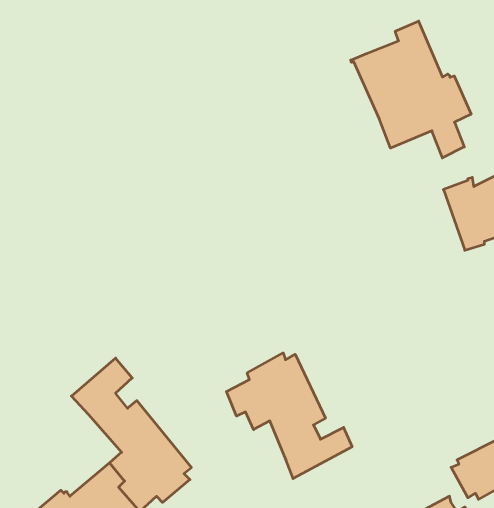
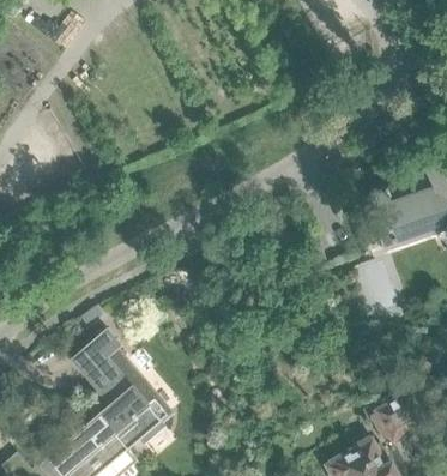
building: [351,21,471,158] -> none
building: [226,353,352,479] -> none

